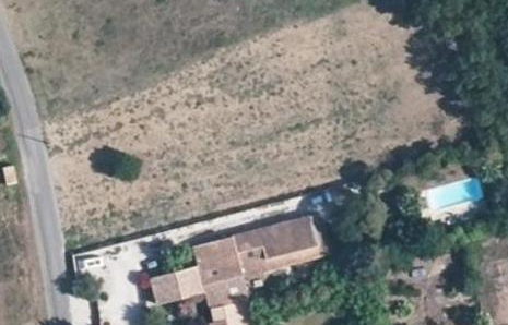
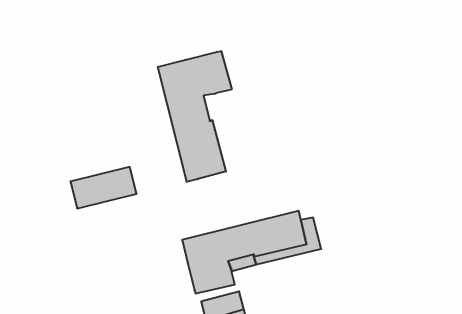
building: none -> [158,51,232,182]
building: [140,268,204,309] -> [70,167,137,208]

